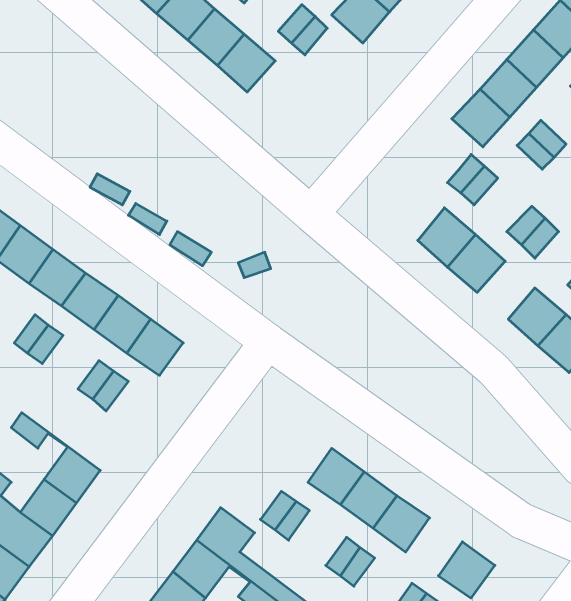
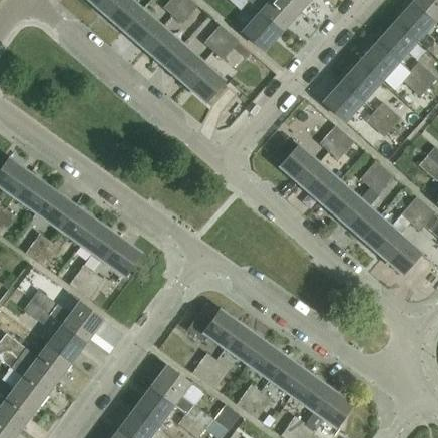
building: none -> [184,63,224,102]
building: none -> [272,138,318,184]
building: none -> [340,198,379,238]
building: none -> [32,291,102,340]
building: none -> [186,303,242,348]
building: none -> [292,372,330,411]

